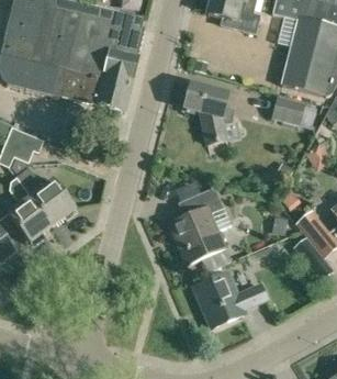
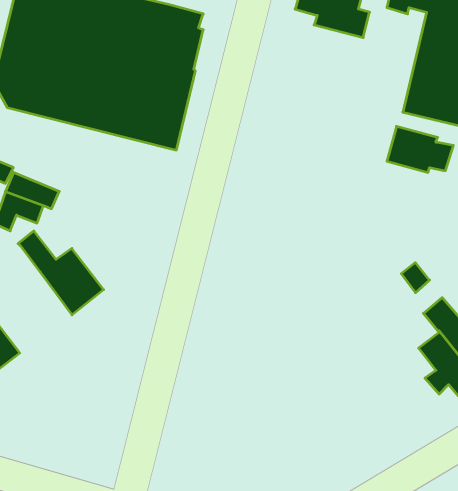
building: [183,82,236,144] -> none
building: [8,177,53,242] -> none
building: [167,189,226,267] -> none
building: [195,274,257,327] -> none

